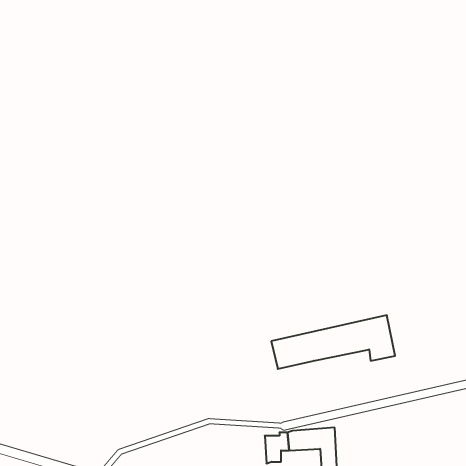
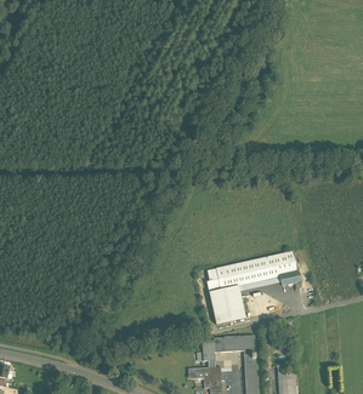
building: none -> [209,285,246,324]

